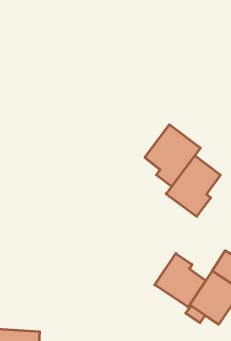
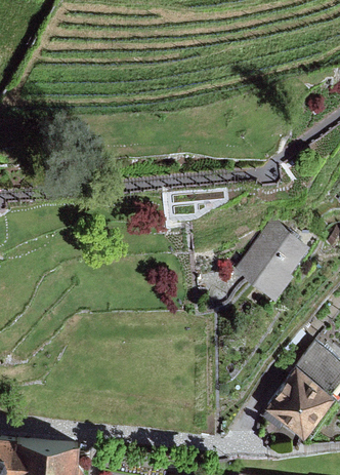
building: [145,125,200,186] -> none
building: [155,253,206,307] -> none

